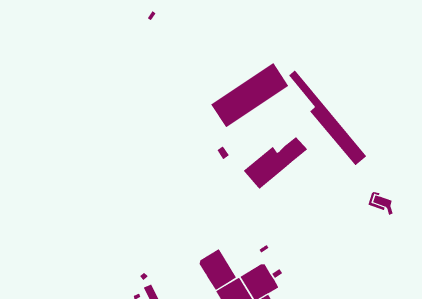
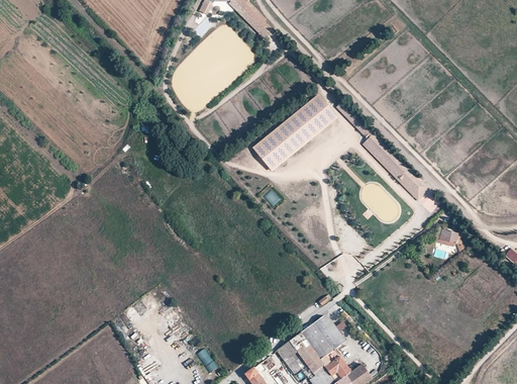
building: [243,136,308,190] -> none
building: [199,248,237,291] -> none

